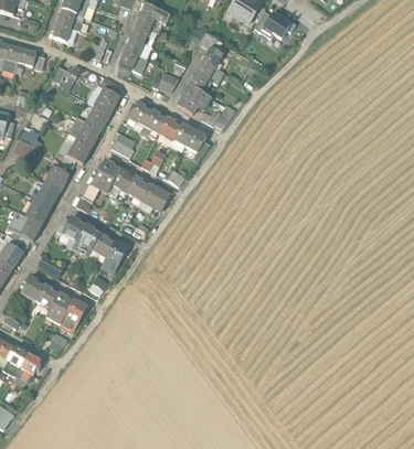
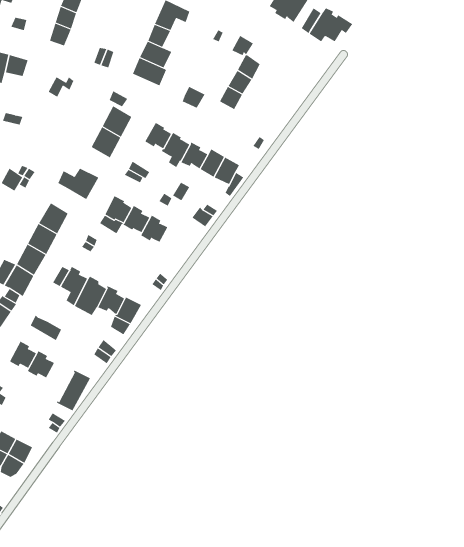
building: [177,85,210,114] -> none
building: [68,117,102,146] -> none
building: [140,183,170,211] -> none
building: [45,291,73,324] -> none

